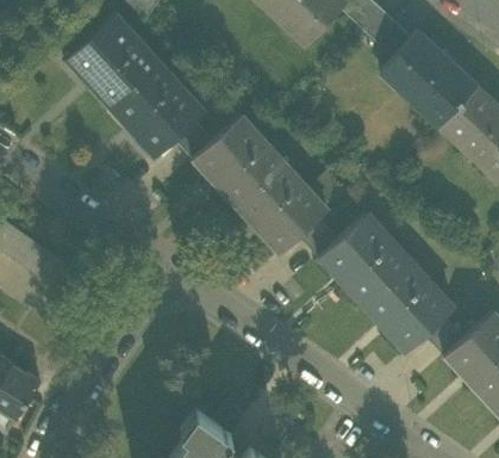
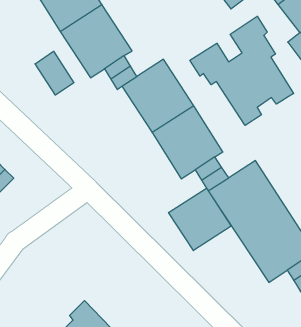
building: none -> [190,16,294,125]
building: none -> [35,51,74,95]
building: none -> [169,188,231,251]

